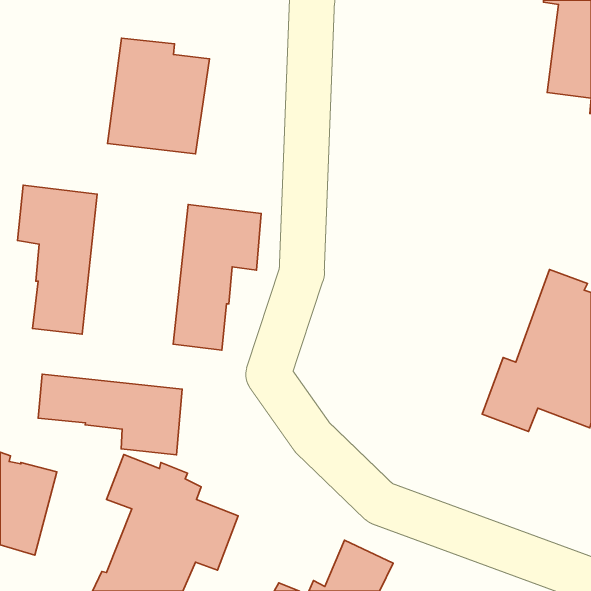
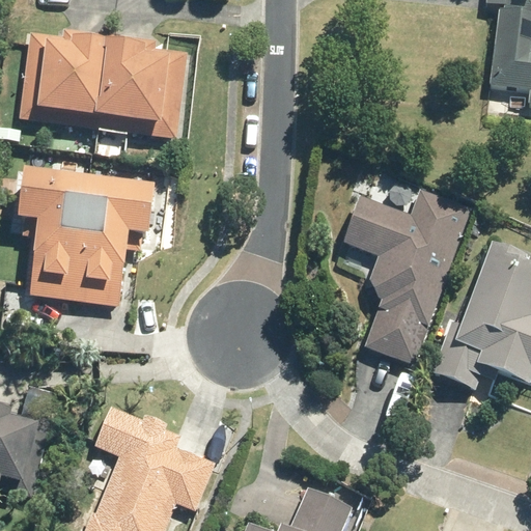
building: none -> [19,28,109,129]
building: [173,204,261,350] -> [74,174,152,305]
building: none -> [344,190,474,366]
building: [38,374,182,455] -> none

